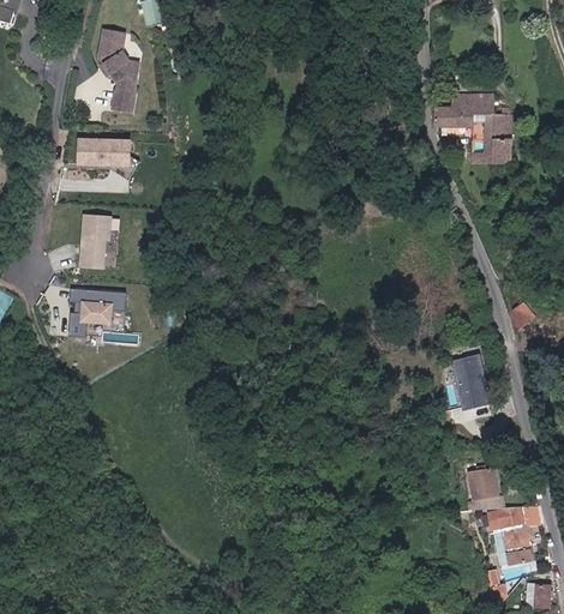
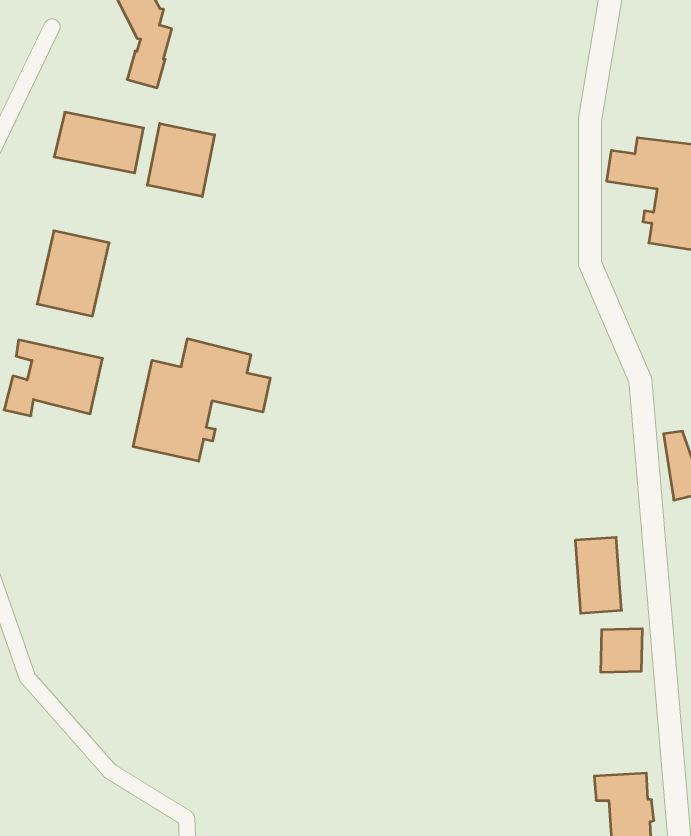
building: none -> [147,123,215,197]
building: none -> [133,339,270,461]
building: [468,468,498,500] -> [601,629,642,672]

